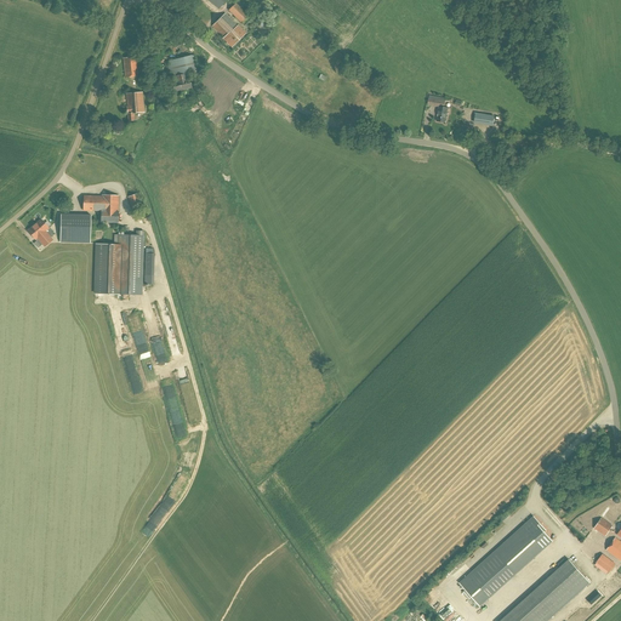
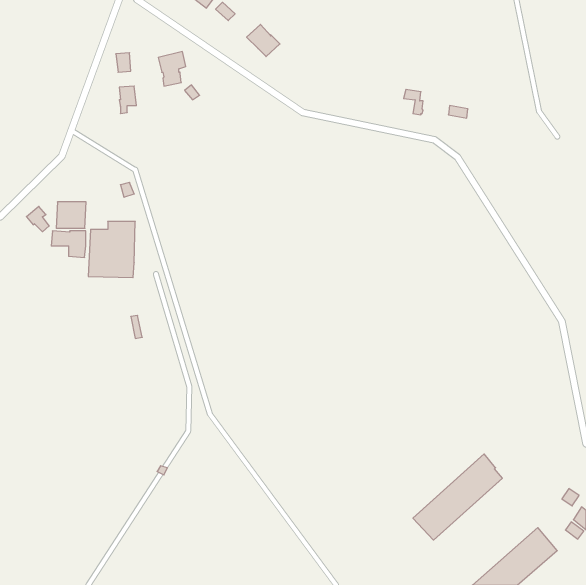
building: [211,12,246,46] -> [247,24,280,57]
building: [82,194,119,222] -> [51,231,86,257]
building: [458,514,553,605] -> [413,454,502,540]

